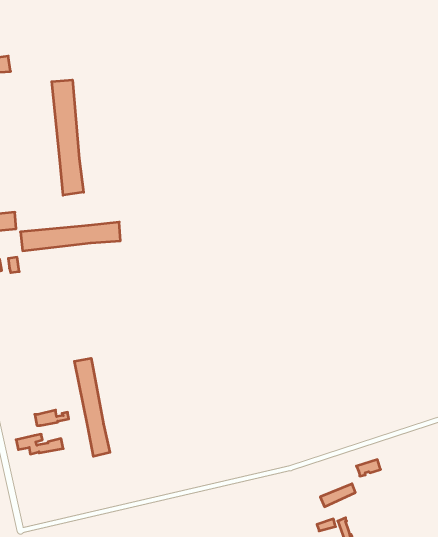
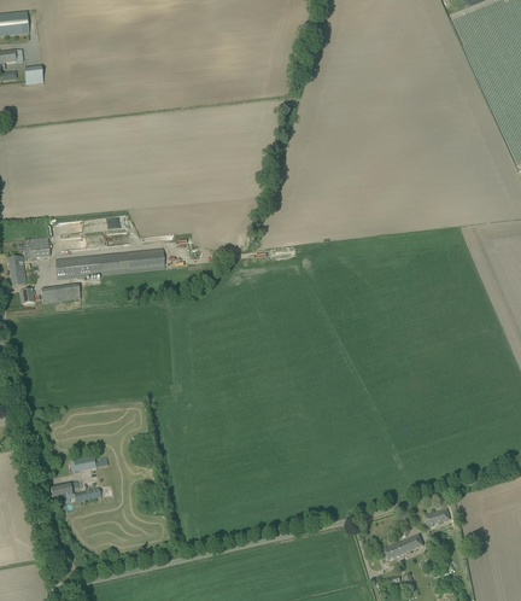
building: [52,80,84,195] -> none
building: [74,358,110,456] -> none

